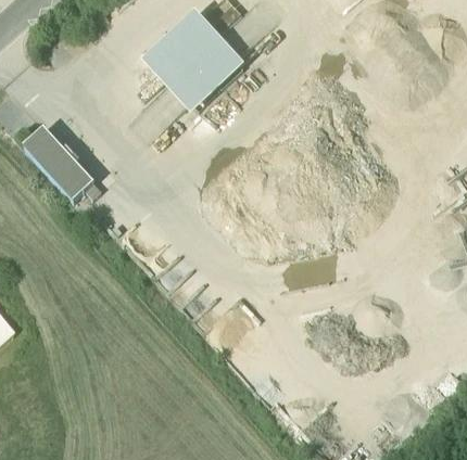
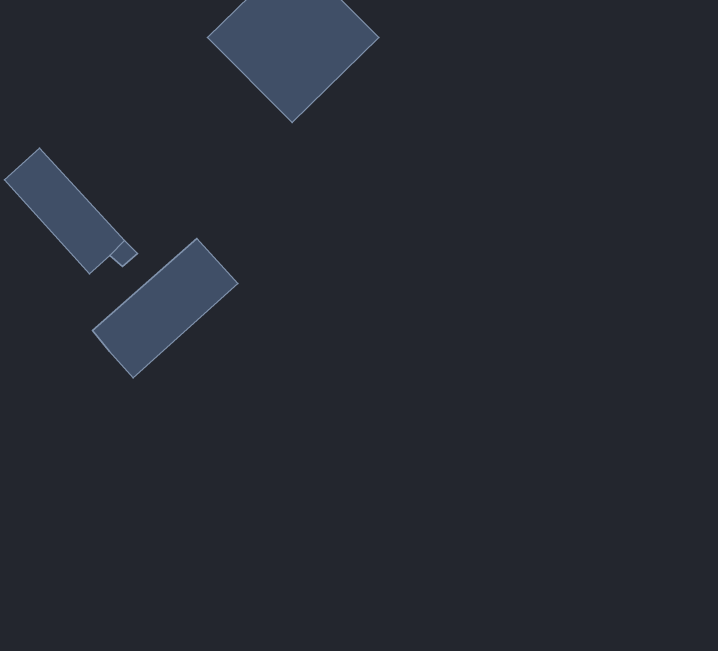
building: none -> [92,238,238,378]

